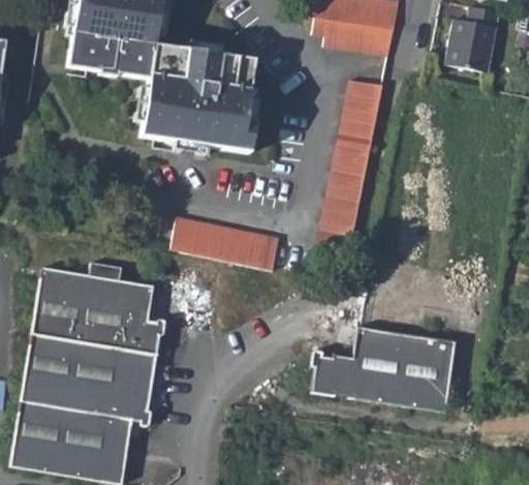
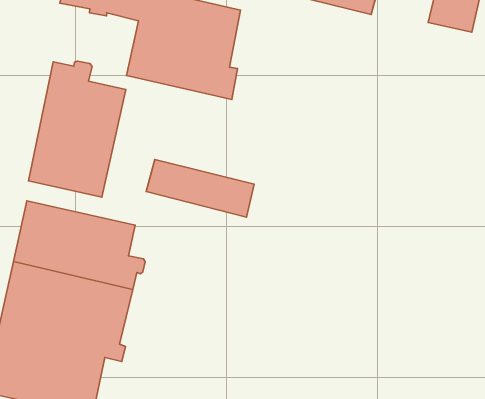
building: [315,80,381,252] -> none
building: none -> [28,61,126,197]
building: [313,326,460,411] -> none

